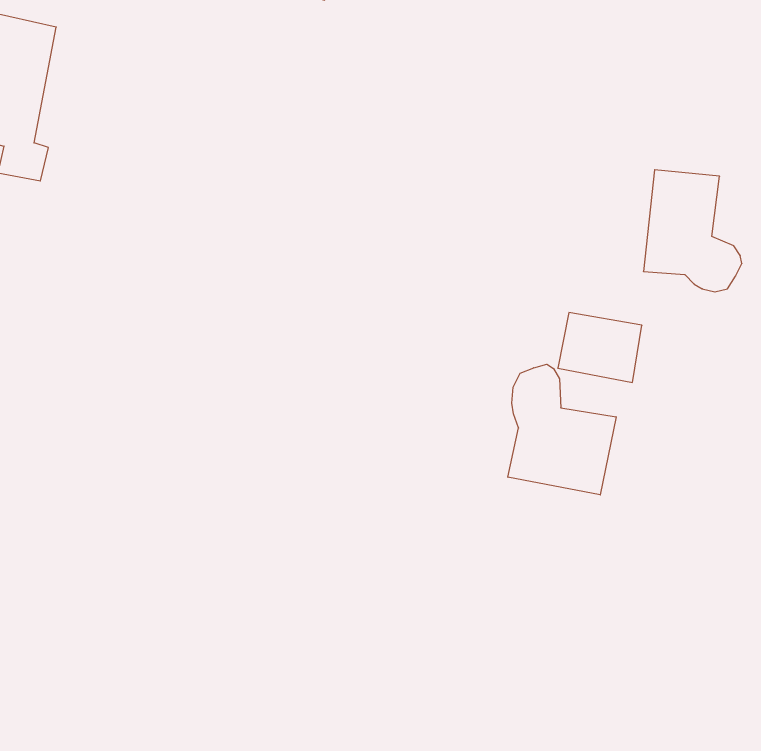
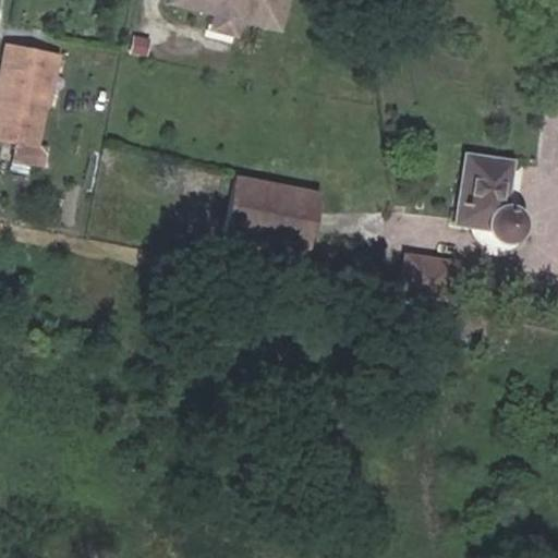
building: none -> [231,175,313,242]
building: [508,364,616,495] -> none

